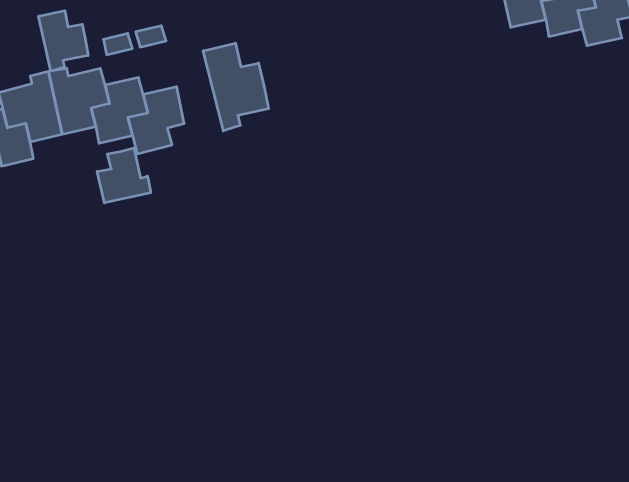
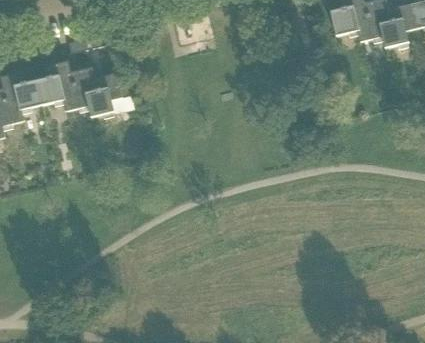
building: [39,11,88,71] -> none
building: [203,43,269,131] -> none
building: [97,148,151,203] -> none

